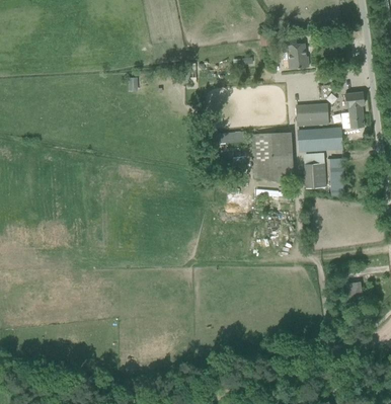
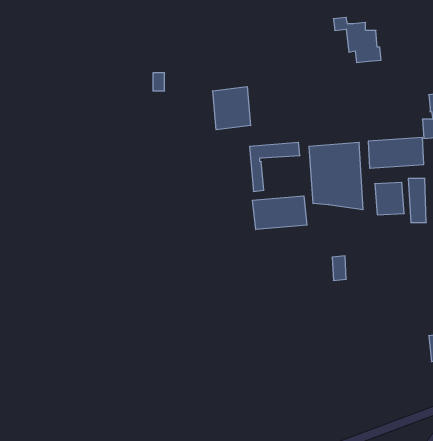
building: none -> [213,87,251,130]
building: [296,104,320,123] -> none
building: none -> [253,196,307,230]

